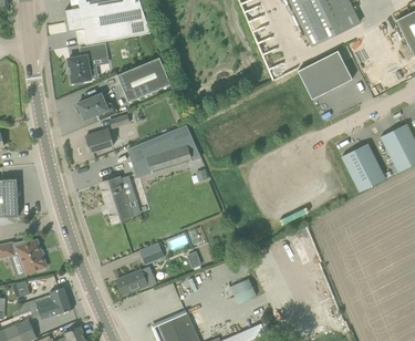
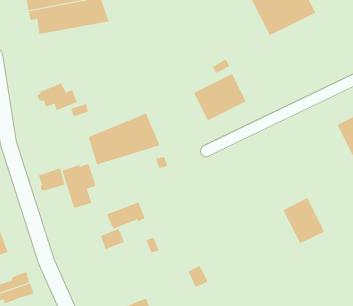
building: [68,44,107,84] -> none
building: [298,51,352,100] -> [193,73,247,121]
building: [117,58,170,102] -> none
building: [85,128,113,153] -> [38,167,65,191]
building: [342,144,385,192] -> [283,197,325,244]
building: [116,267,156,296] -> [106,201,145,230]

